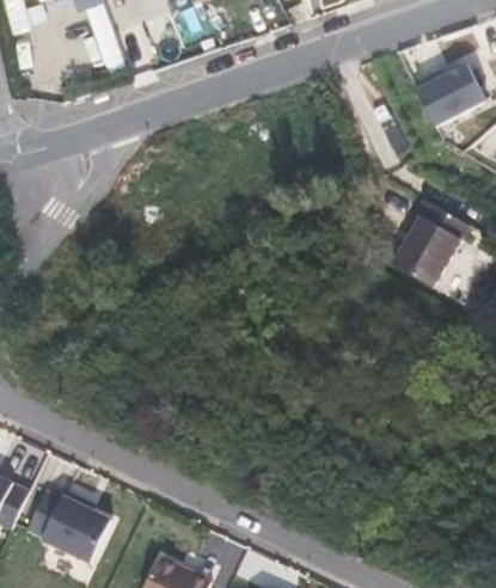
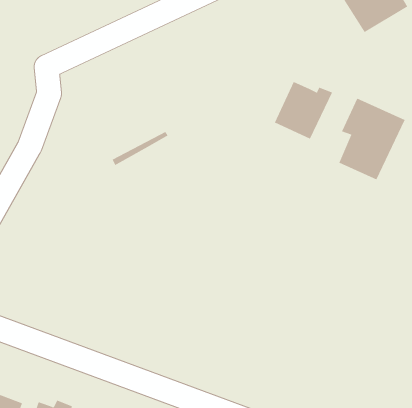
building: none -> [274,81,333,139]

